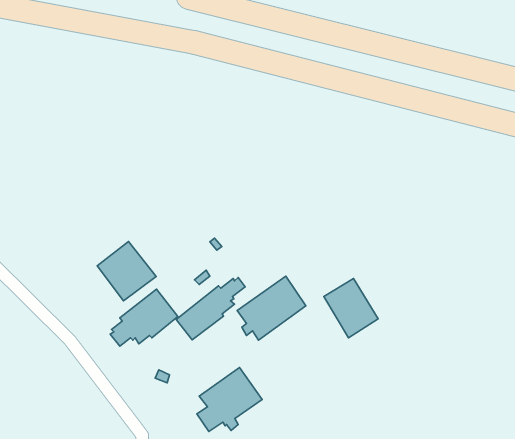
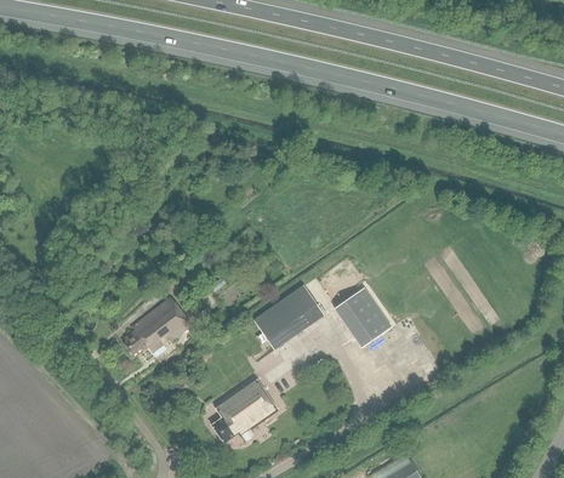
building: [97,241,156,301] -> none
building: [176,278,245,340] -> none

